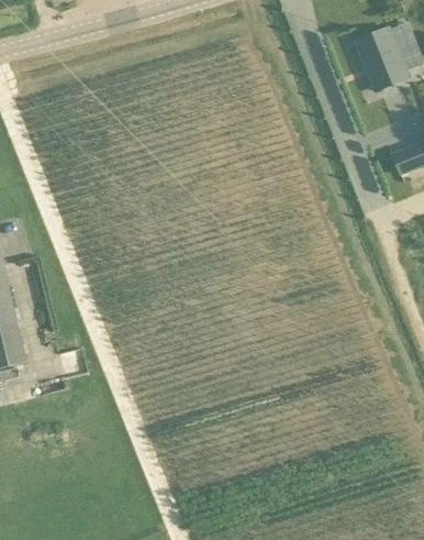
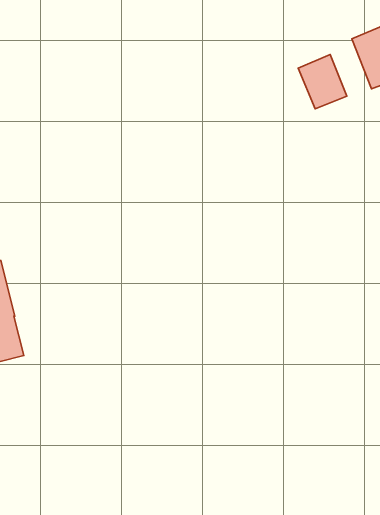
building: none -> [298,54,347,109]

